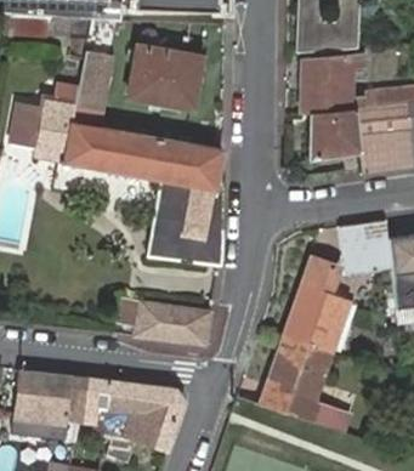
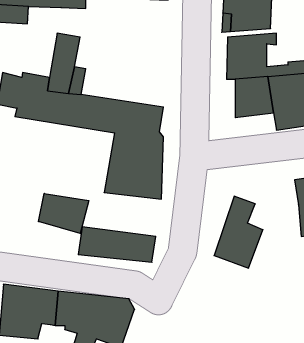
building: [126,45,199,108] -> none
building: [341,221,392,277] -> none
building: none -> [38,193,89,234]
building: [260,334,352,432] -> none

